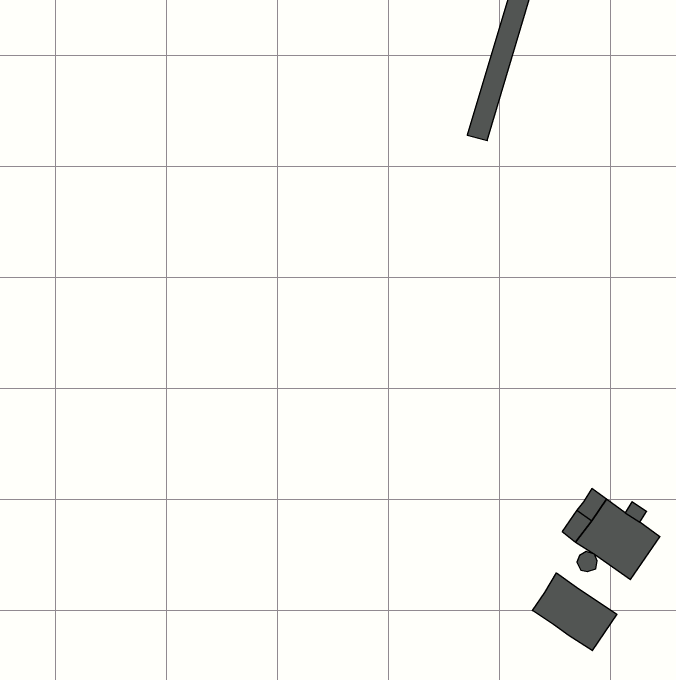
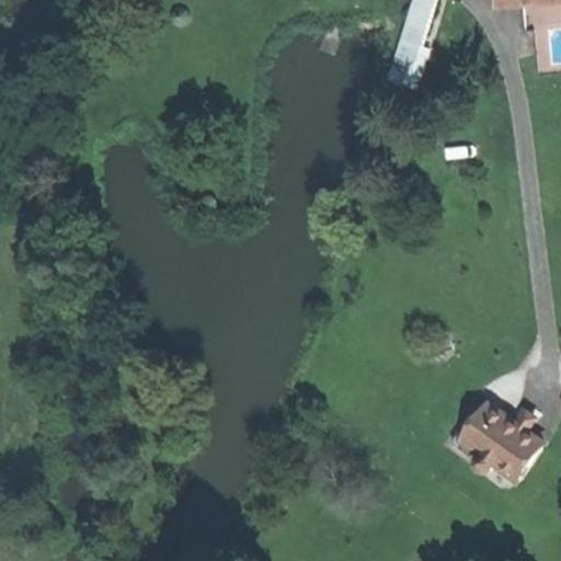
building: [532,573,617,651] -> none

